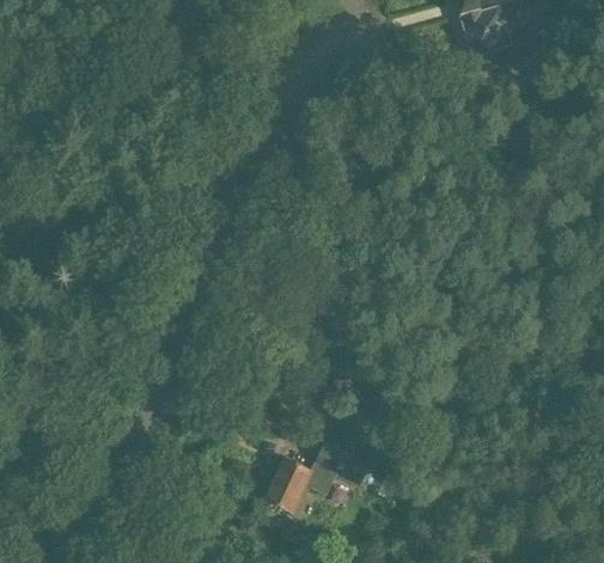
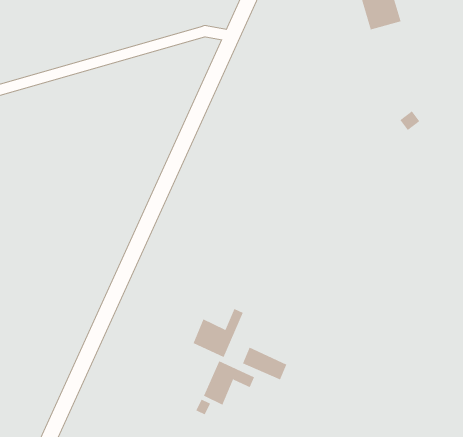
building: none -> [193,308,244,358]

